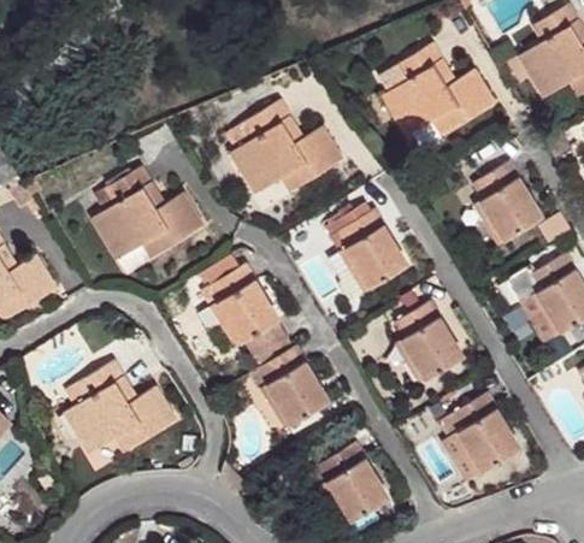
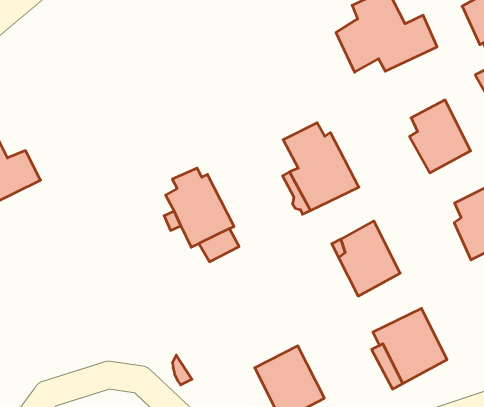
building: [229,102,343,196] -> none
building: [95,167,206,258] -> none
building: [249,348,331,431] -> none
building: [65,356,176,447] -> none

